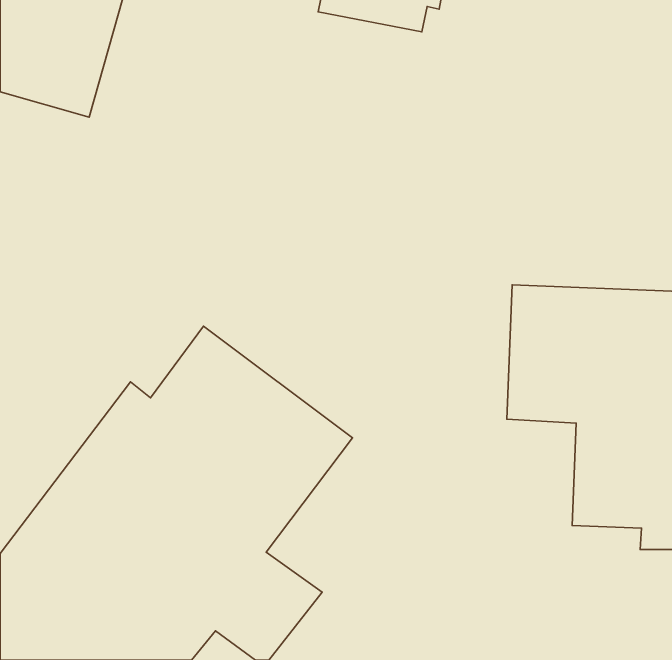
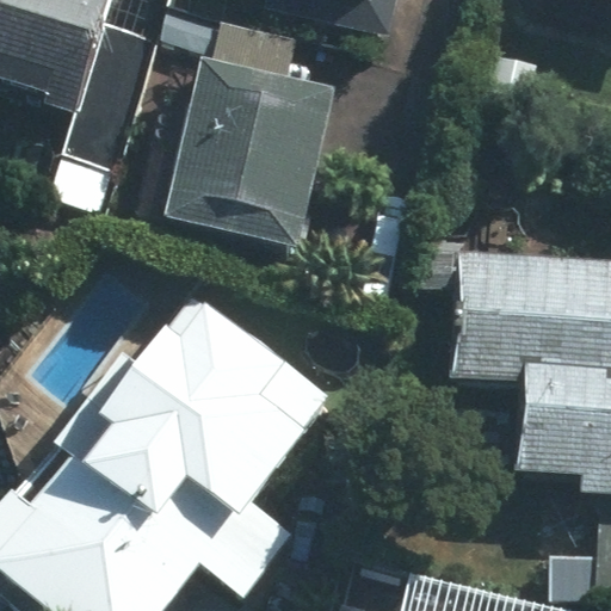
building: none -> [162,61,335,252]

